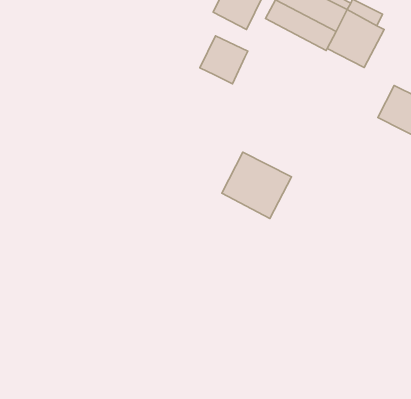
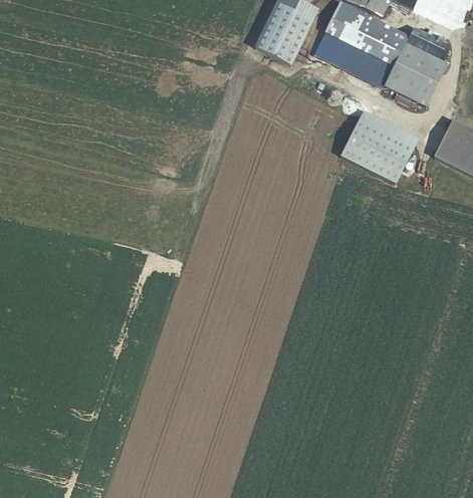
building: [200,36,248,84] -> none
building: [222,152,292,218] -> [343,110,421,184]

